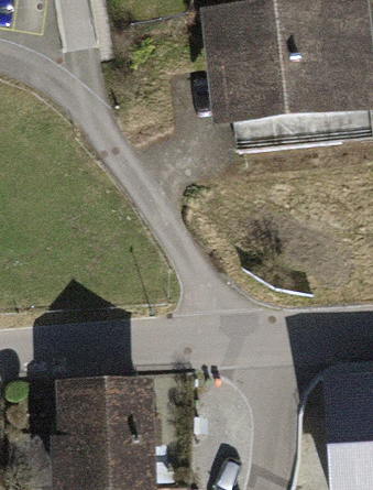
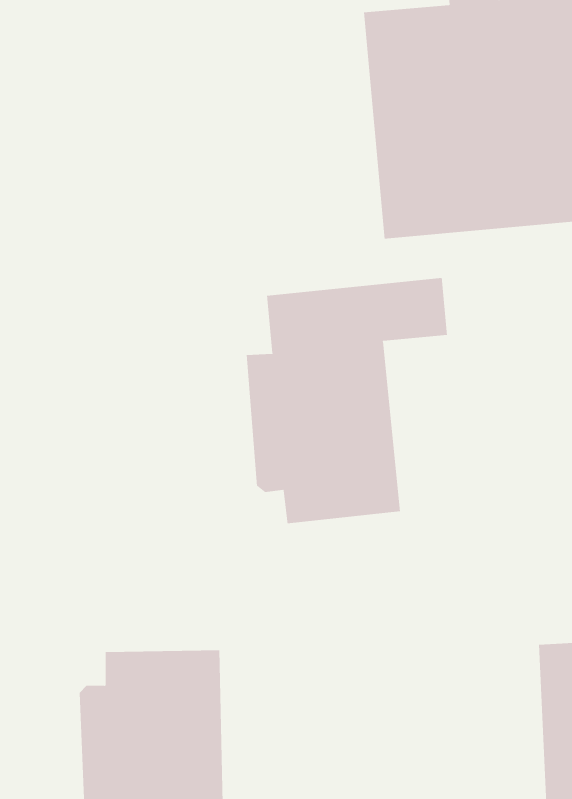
building: none -> [246,277,447,524]

